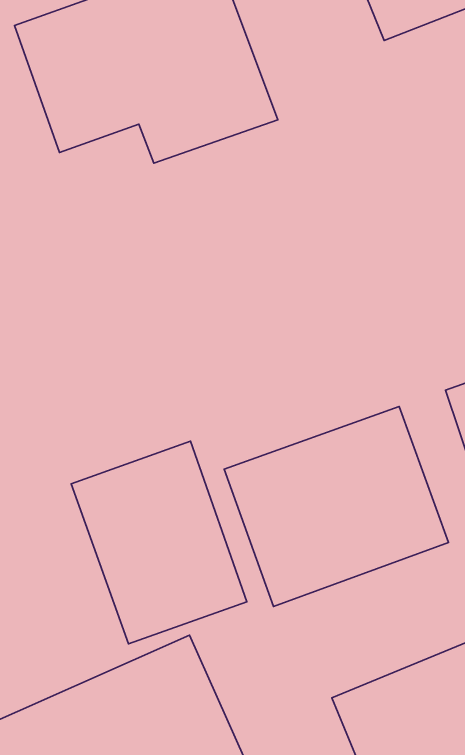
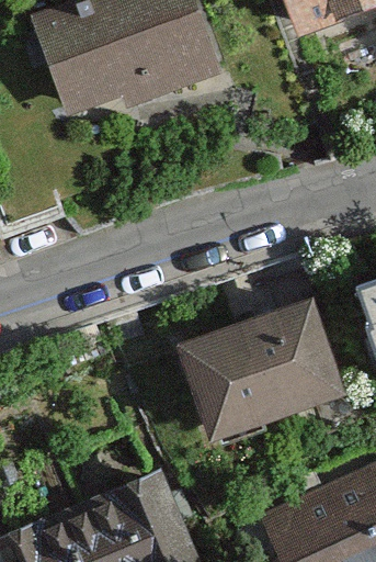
building: [71,441,247,644] -> none

